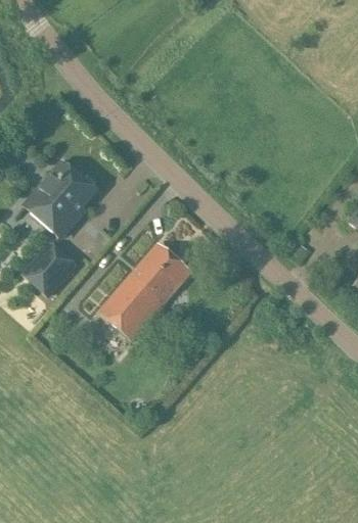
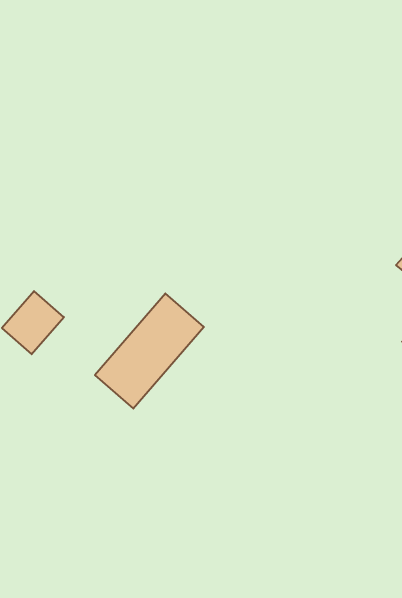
building: [30,161,95,237] -> none

